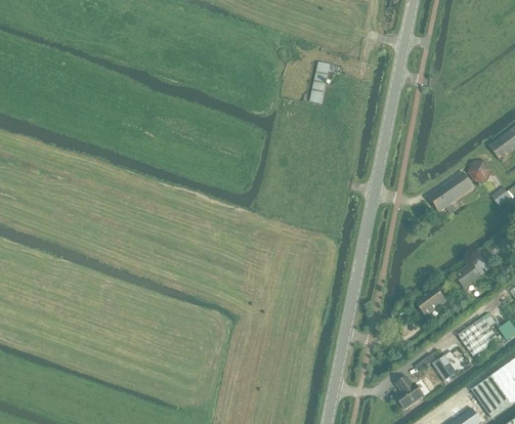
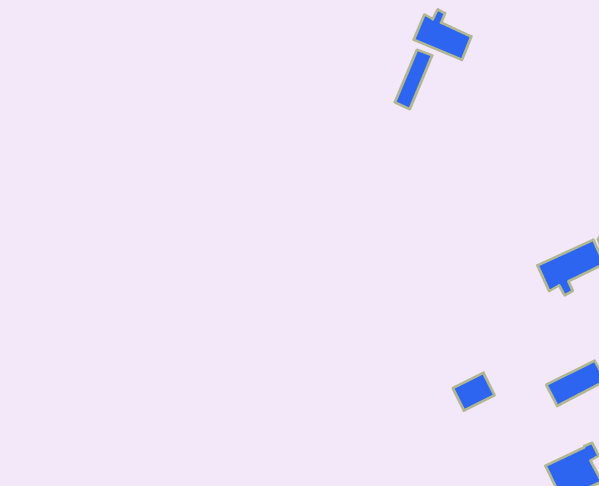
building: none -> [414,9,471,60]
building: [416,287,445,315] -> [453,373,494,411]

